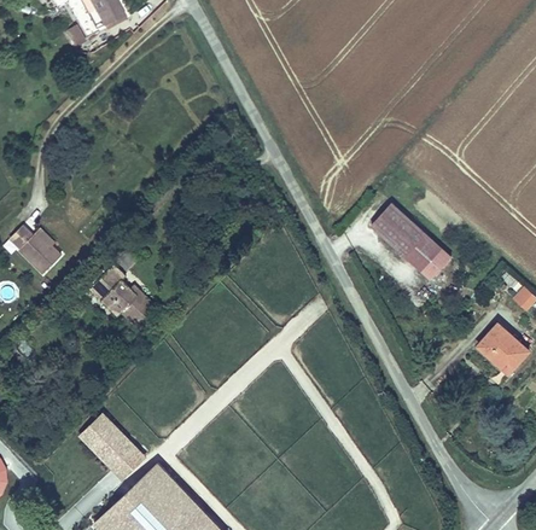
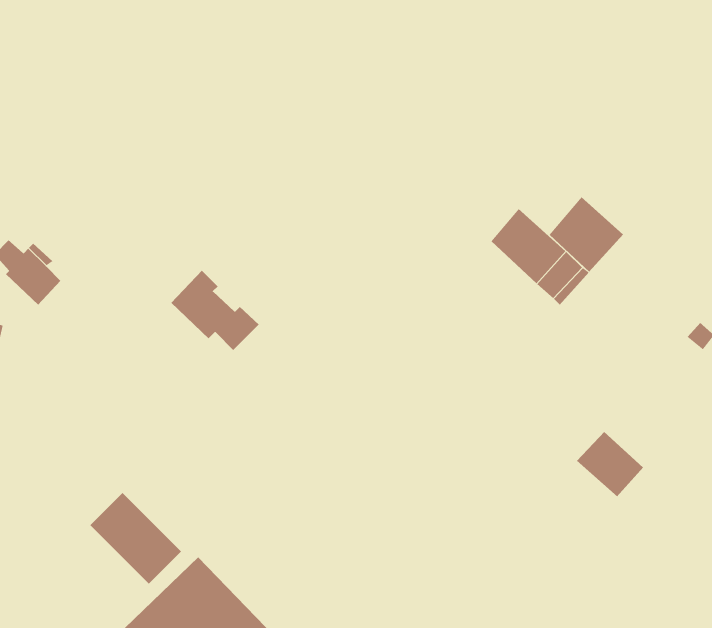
building: none -> [549,197,624,272]
building: [91,268,156,327] -> [170,270,260,351]
building: [479,327,529,375] -> [576,431,644,497]

